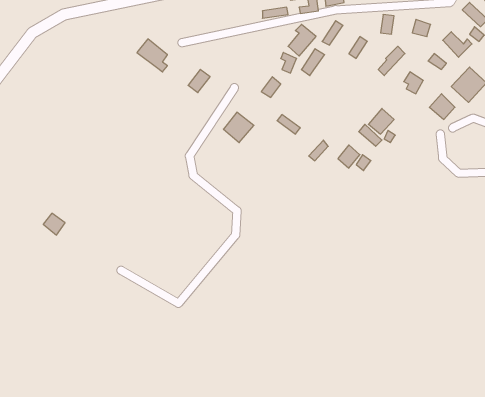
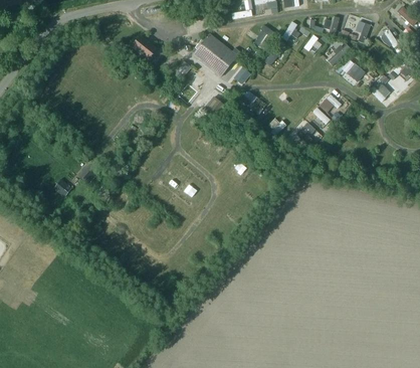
building: none -> [191,35,238,77]

